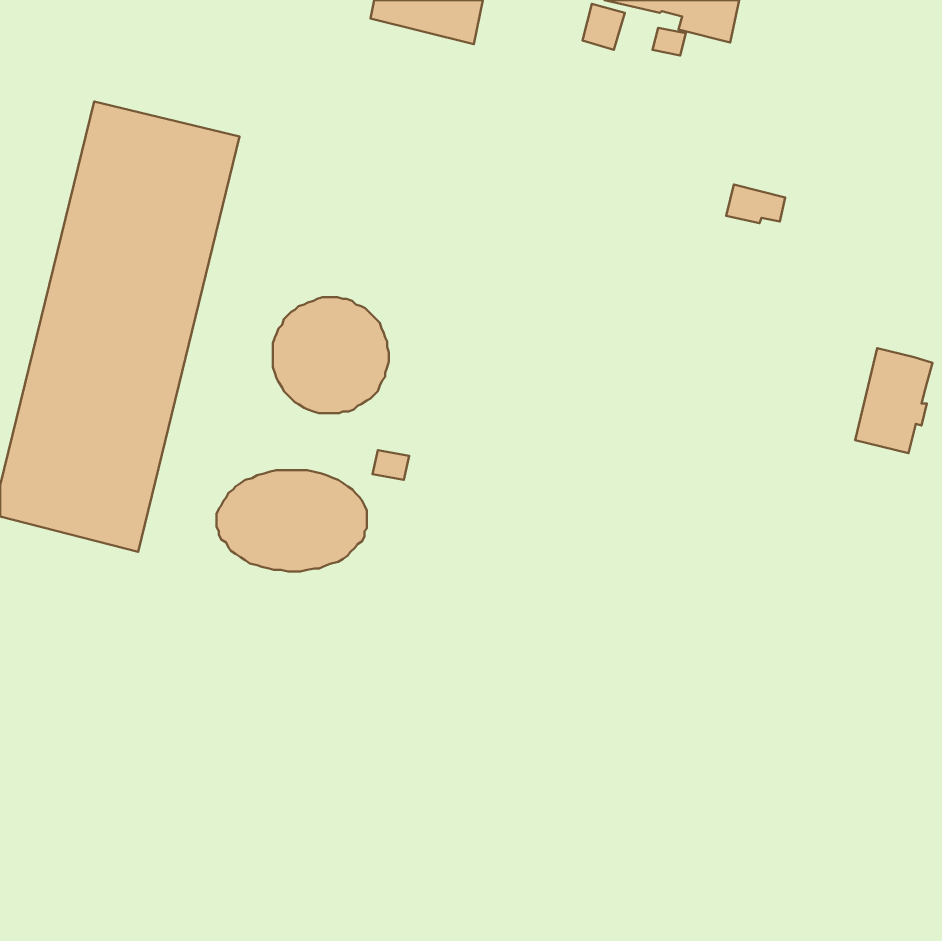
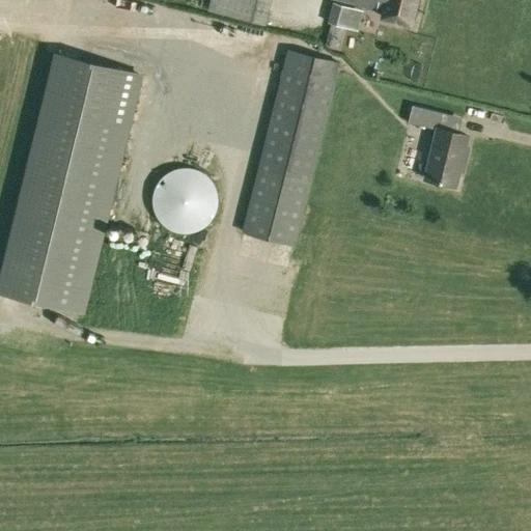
building: none -> [247,54,339,246]
building: [855,348,932,453] -> [425,128,469,187]
building: [216,470,367,572] -> none

